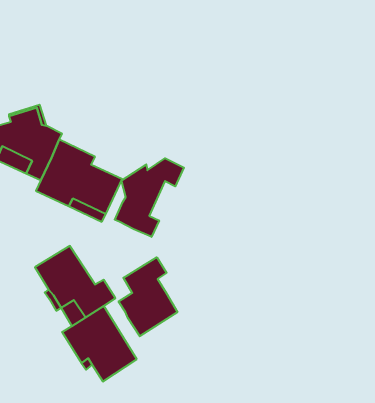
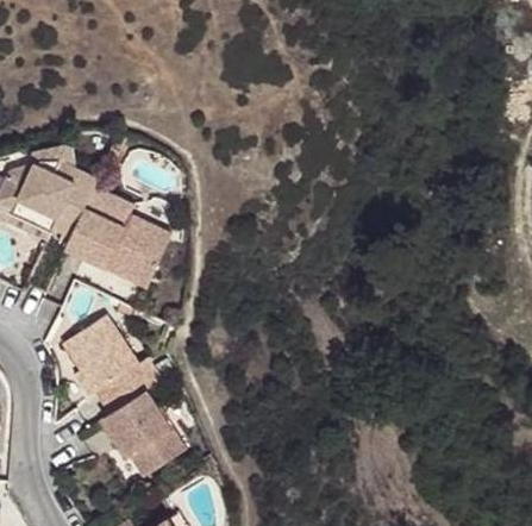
building: [115,158,184,237] -> none
building: [119,257,177,336] -> none

